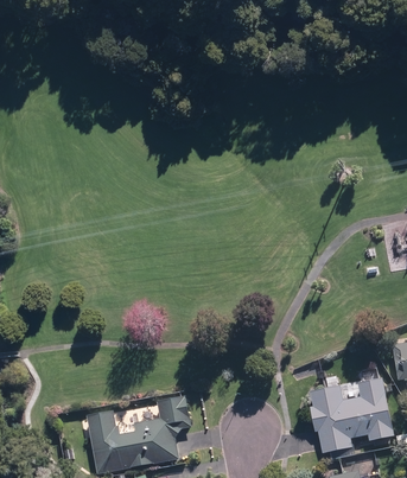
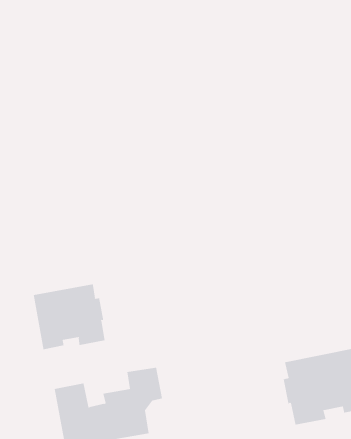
building: none -> [33,283,105,350]

